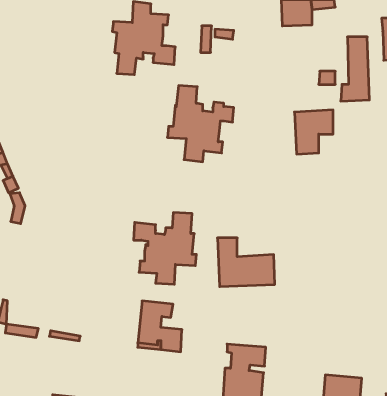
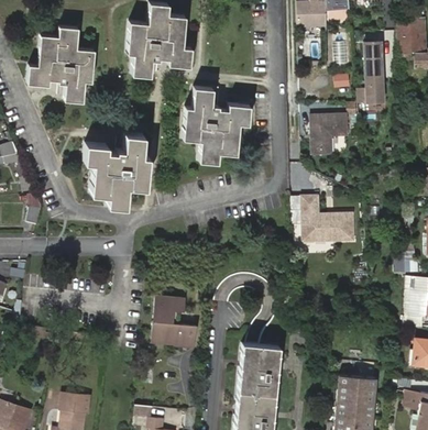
building: none -> [28,27,95,103]
building: [134,213,196,284] -> [85,134,147,206]
building: [217,238,275,287] -> [300,194,358,242]

